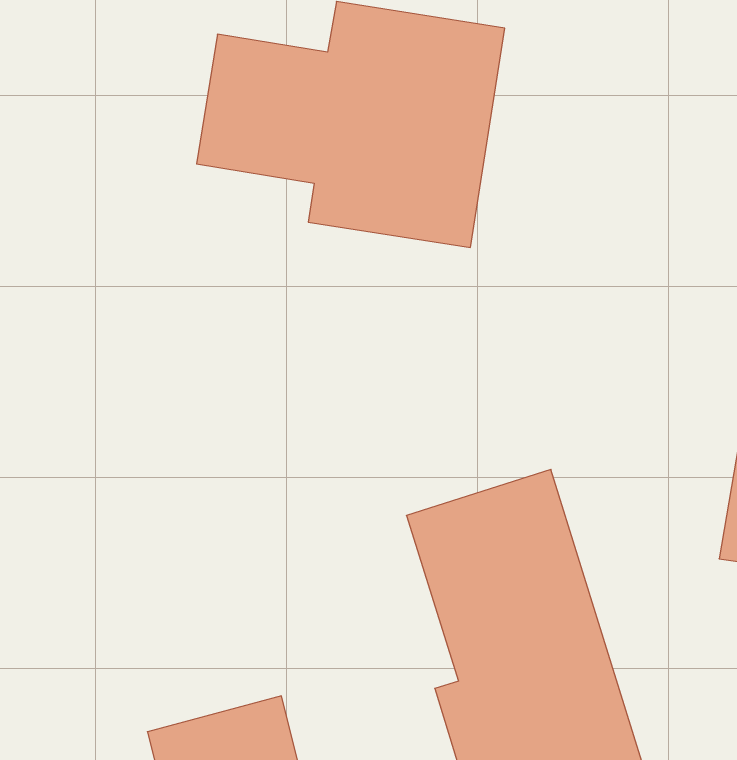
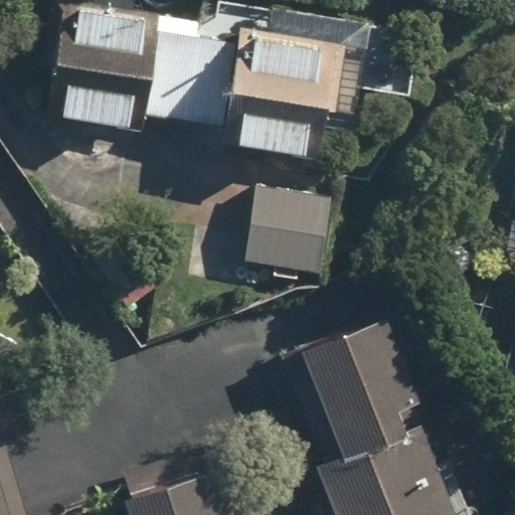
building: none -> [40,8,163,138]
building: none -> [242,184,333,278]

